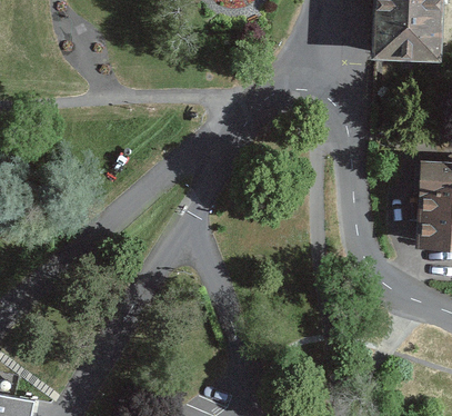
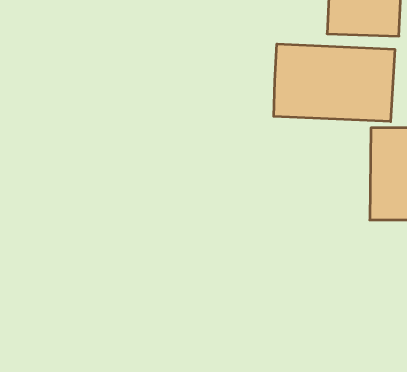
building: none -> [274,44,395,122]

